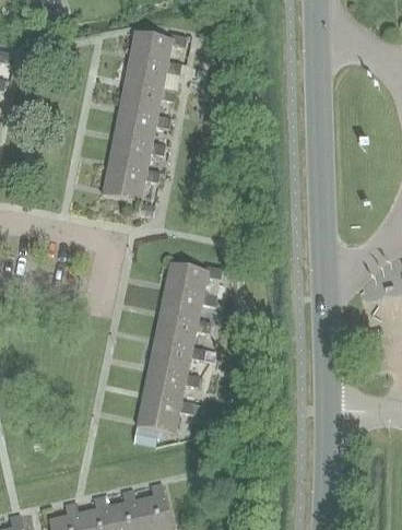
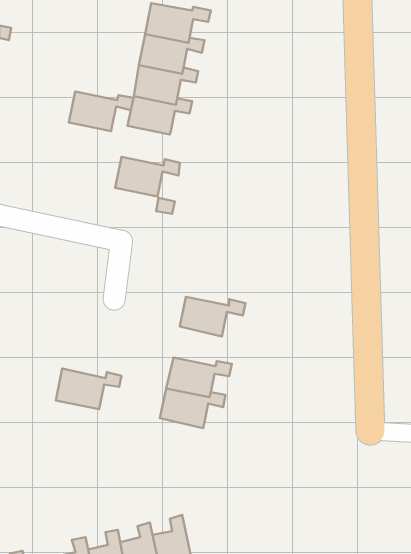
building: [108,140,165,175] -> [69,92,133,131]
building: [165,262,223,298] -> none
building: [154,317,212,352] -> none
building: [137,398,194,434] -> [56,368,122,409]

